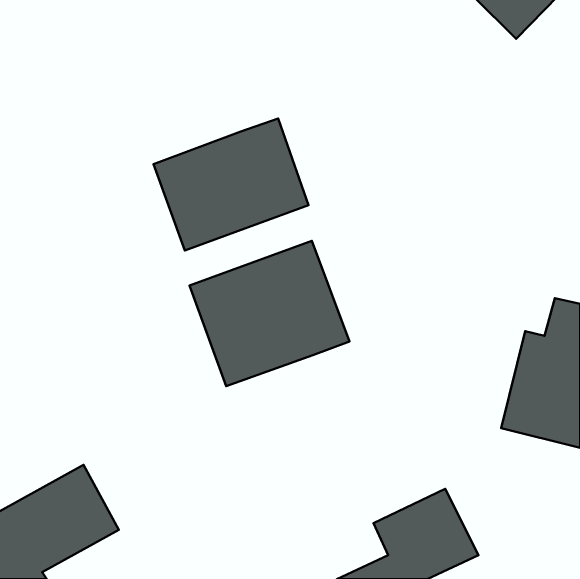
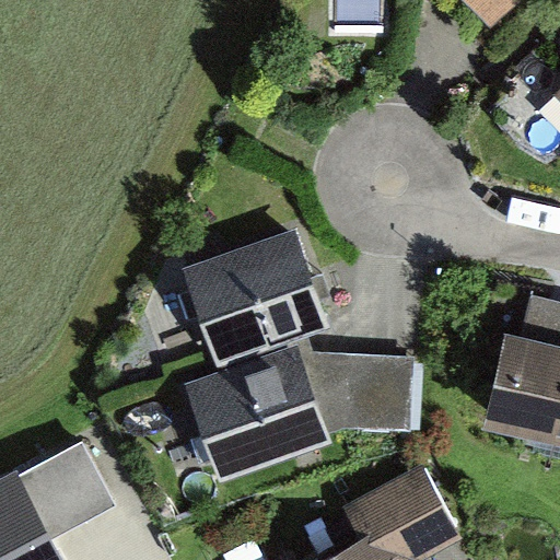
building: [153,118,309,250] -> none
building: none -> [183,340,418,479]

